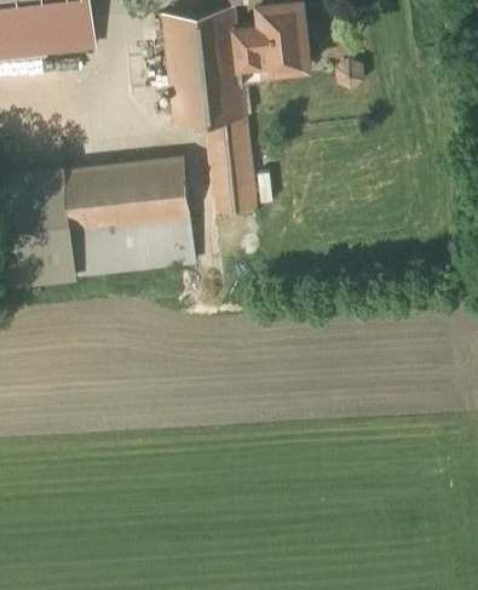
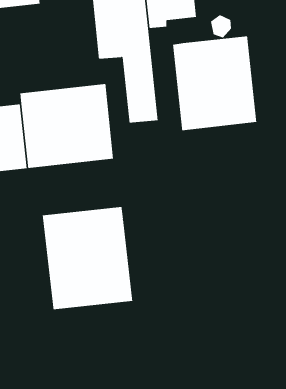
building: none -> [172,35,257,131]
building: none -> [42,206,133,310]

